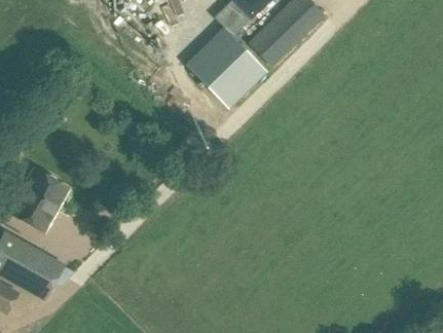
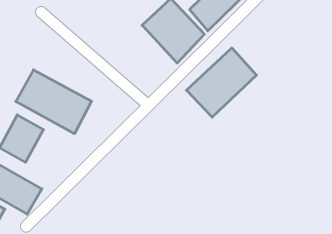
building: none -> [186,48,257,117]
building: none -> [16,70,92,134]

